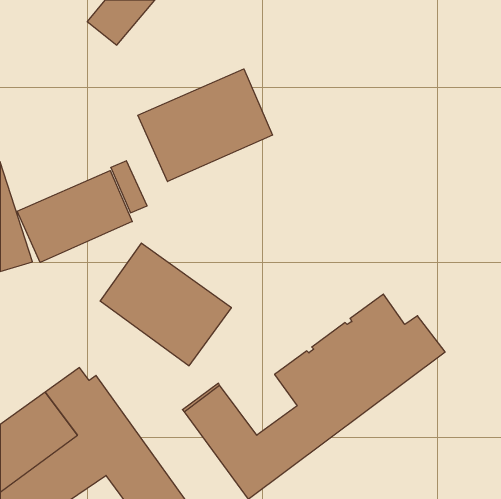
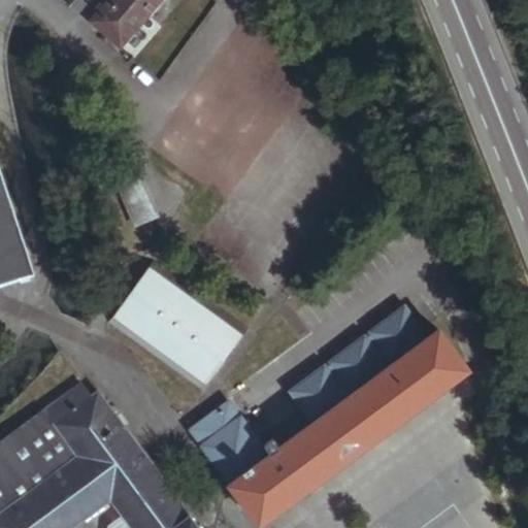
building: [138,69,273,182] -> none
building: [17,171,132,262] -> none

